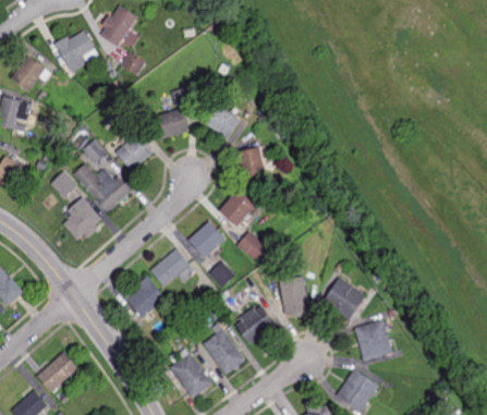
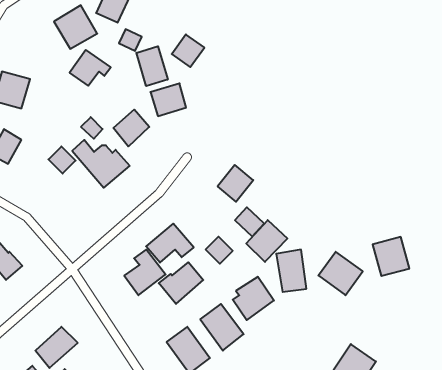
building: [10,56,51,91] -> [70,50,111,86]
building: none -> [136,46,168,86]
building: [207,107,240,139] -> [172,34,204,67]
building: [238,147,265,179] -> none
building: [61,197,105,244] -> none
building: [187,221,226,258] -> none
building: none -> [246,220,287,262]
building: none -> [159,262,203,304]
building: [354,320,391,359] -> [373,237,409,276]

